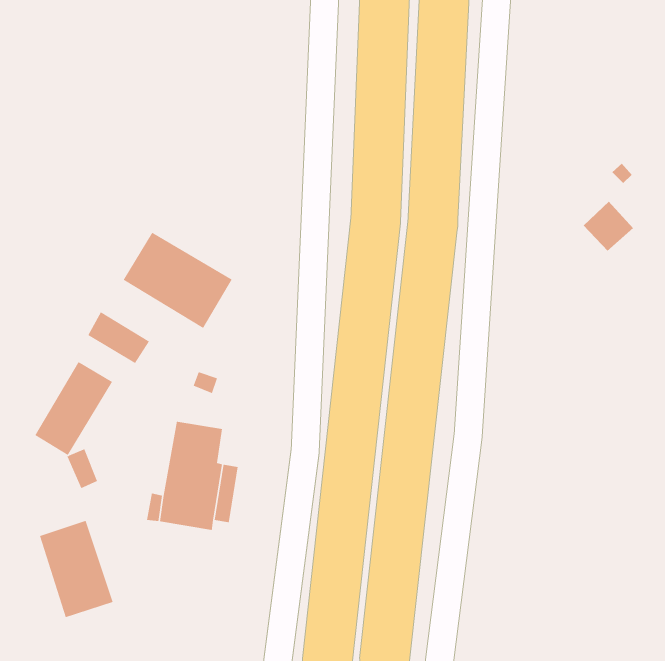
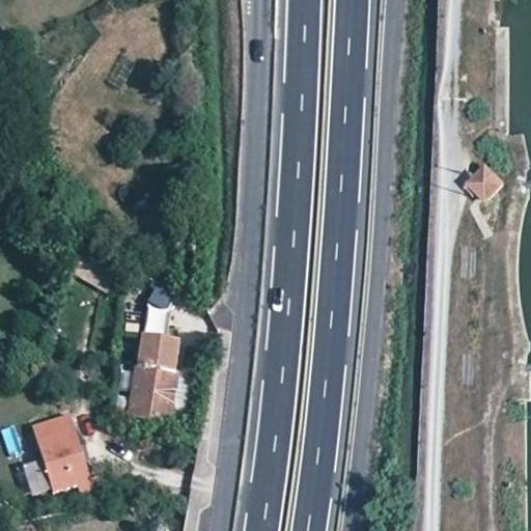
building: [123,232,233,329] -> none
building: [35,361,113,456] -> none

